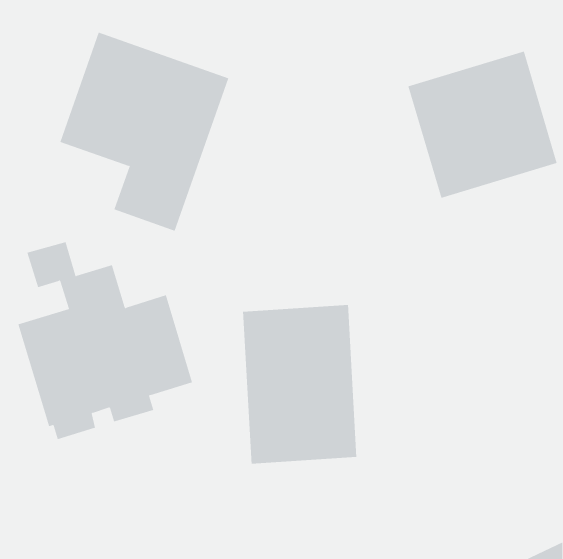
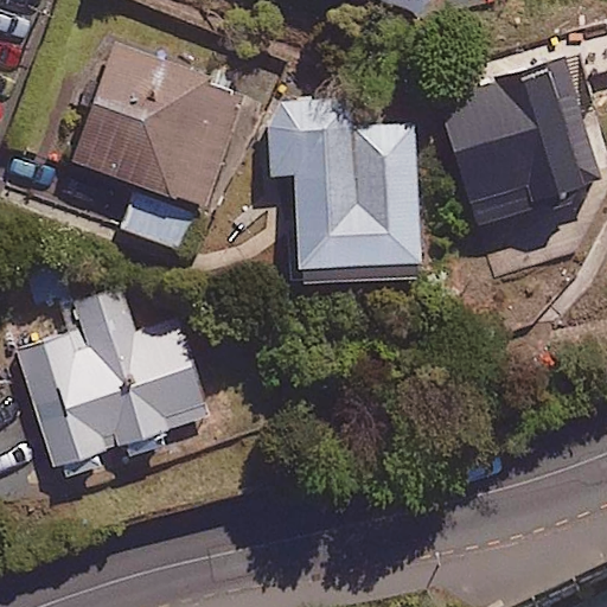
building: none -> [269,102,421,280]
building: [242,304,357,464] -> none

